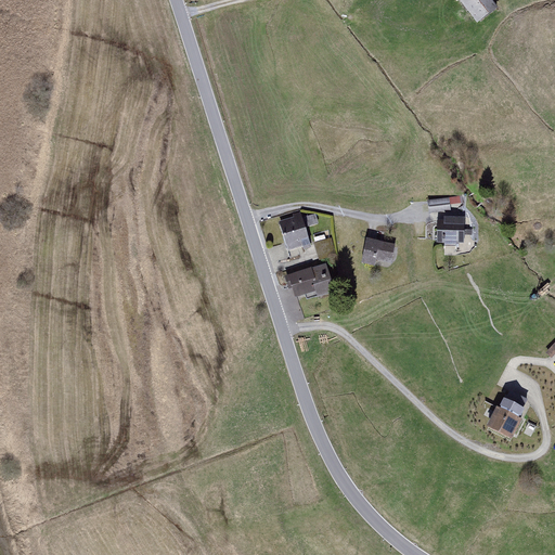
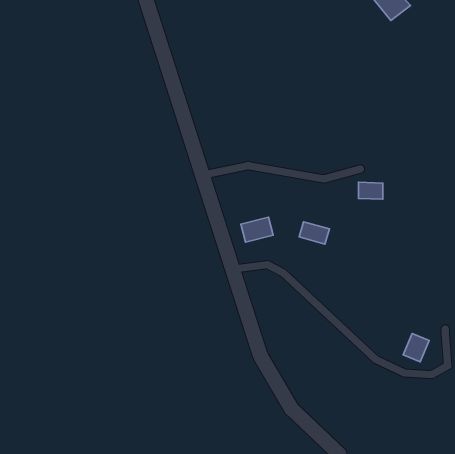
building: [275,215,307,240] -> none
building: [360,234,397,261] -> [299,222,329,244]

